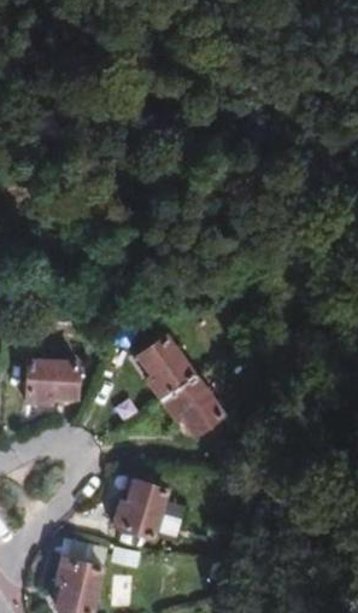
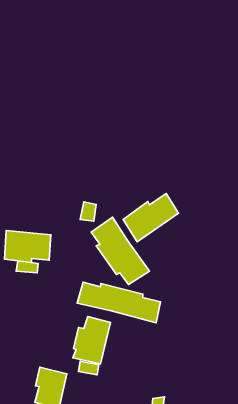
building: none -> [123,194,179,242]
building: none -> [77,282,160,323]

